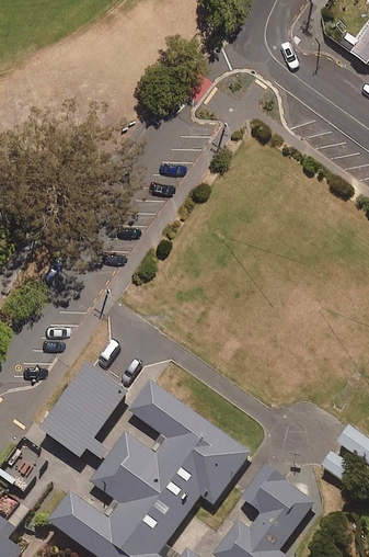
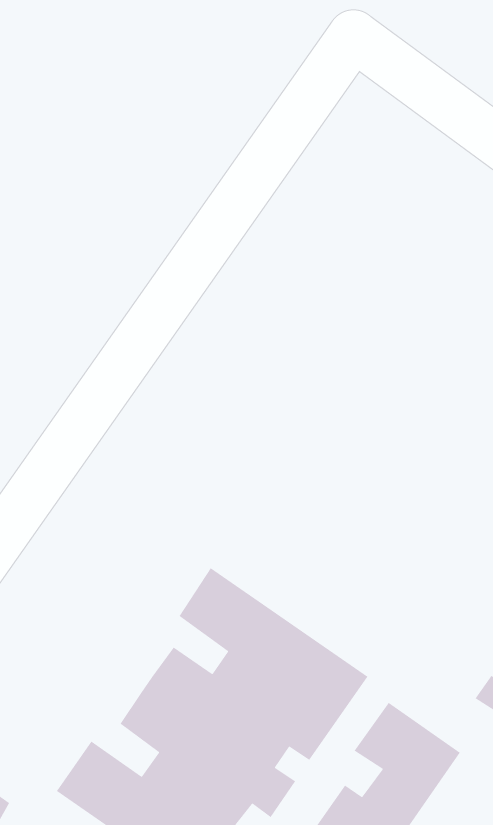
building: [41,367,126,463] -> none

